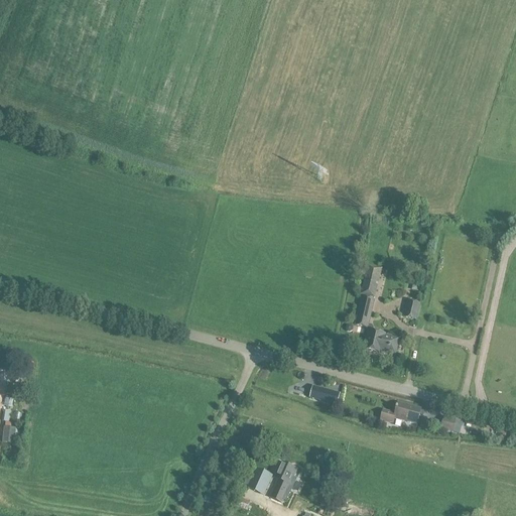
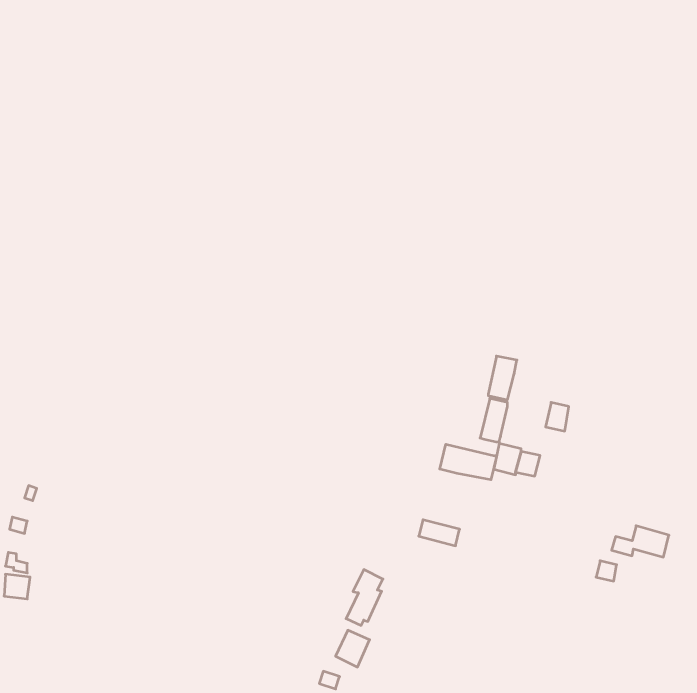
building: none -> [440,444,496,480]
building: [380,399,422,422] -> [612,526,669,557]
building: [270,460,297,501] -> [346,570,383,625]

